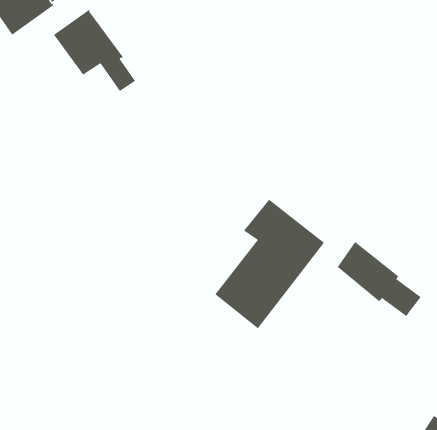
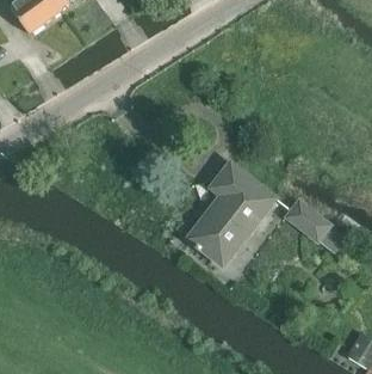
building: [53,9,136,92] -> none

